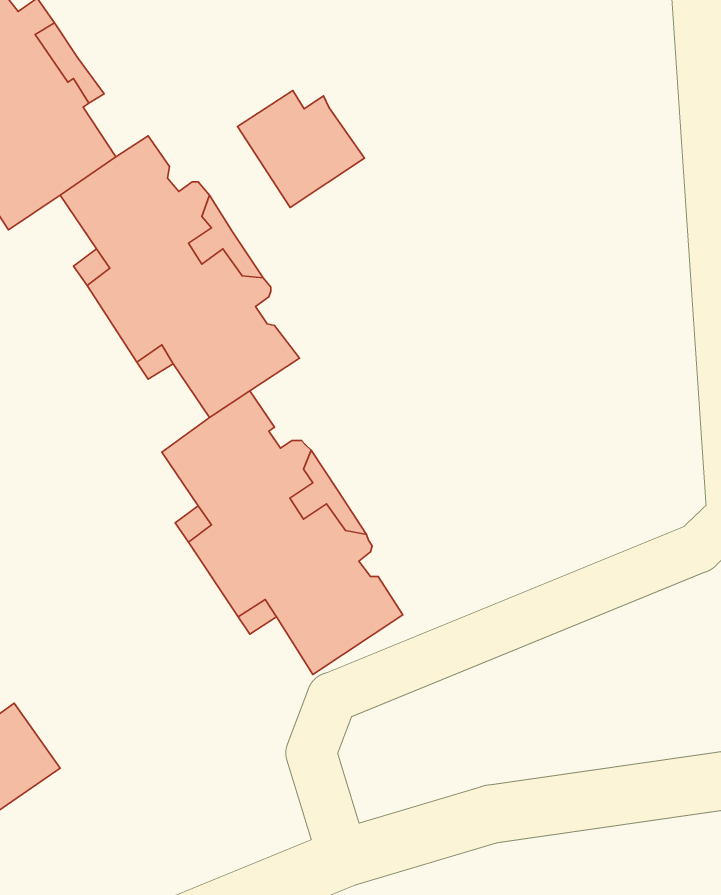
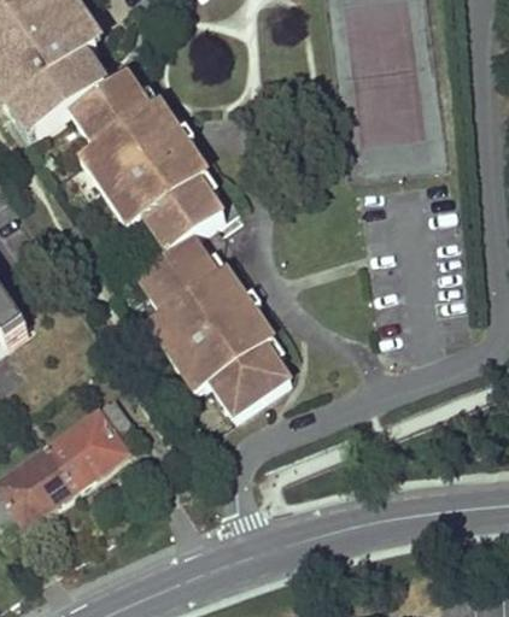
building: [238,90,365,208] -> none
building: none -> [49,398,139,484]

